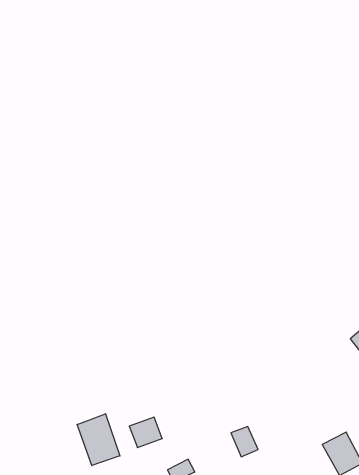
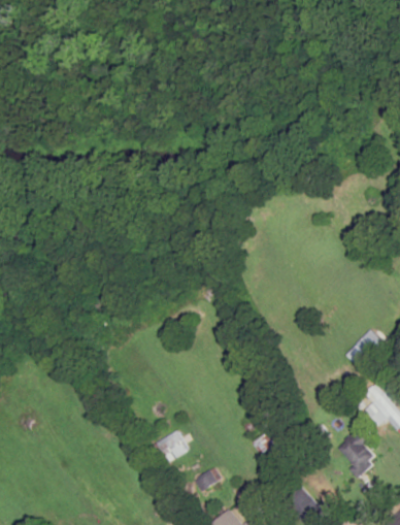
building: [77,414,120,466] -> none

